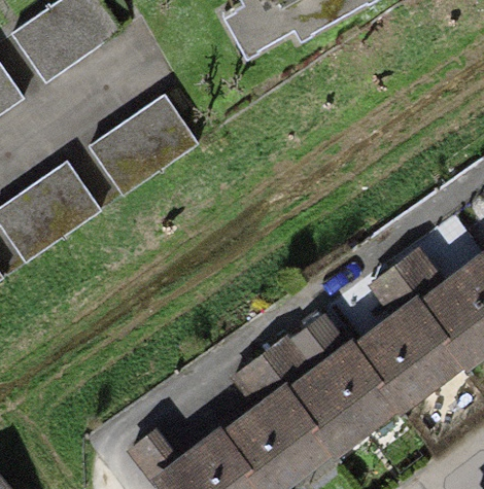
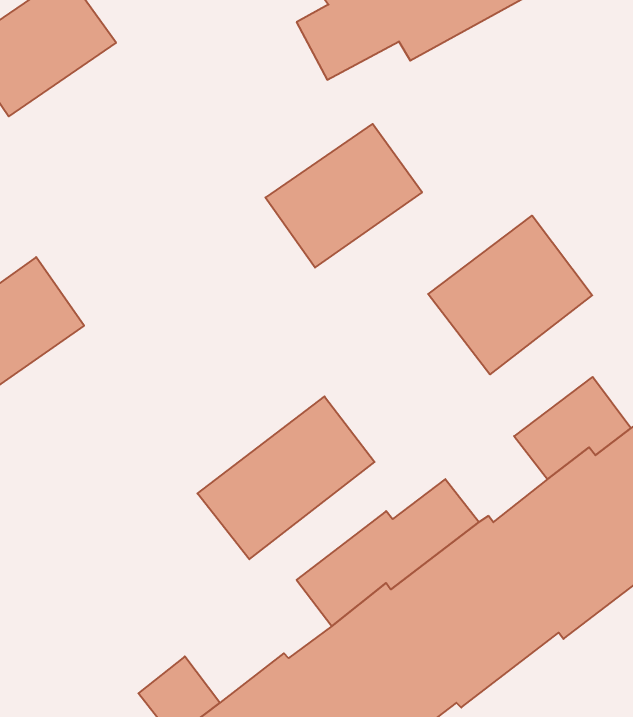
building: [91,100,192,193] -> [265,124,422,268]
building: none -> [428,216,592,374]
building: none -> [197,396,375,559]

